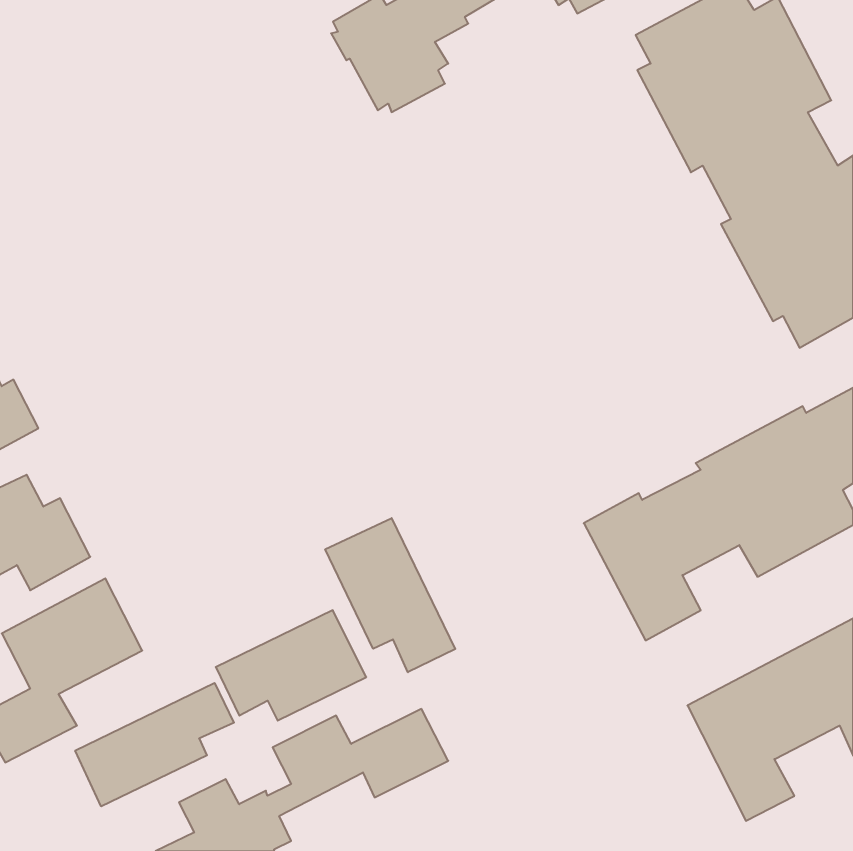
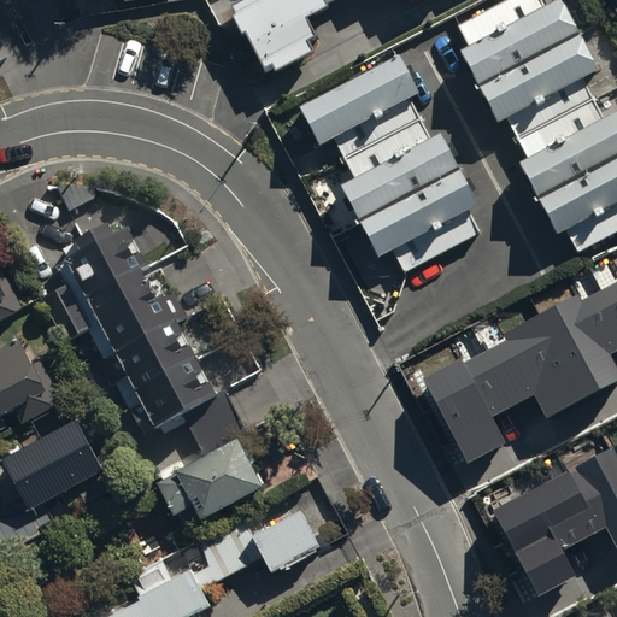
building: none -> [300,55,482,272]
building: none -> [41,224,242,470]
building: [325,518,455,672] -> none
building: [75,683,234,806] -> none

